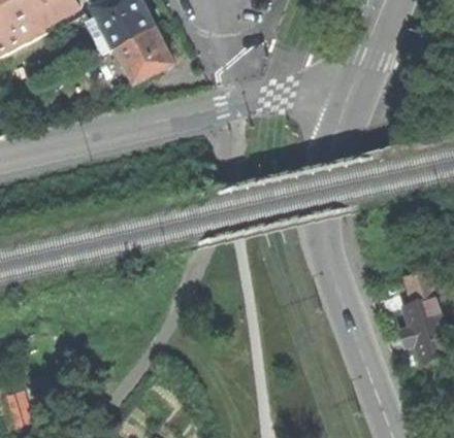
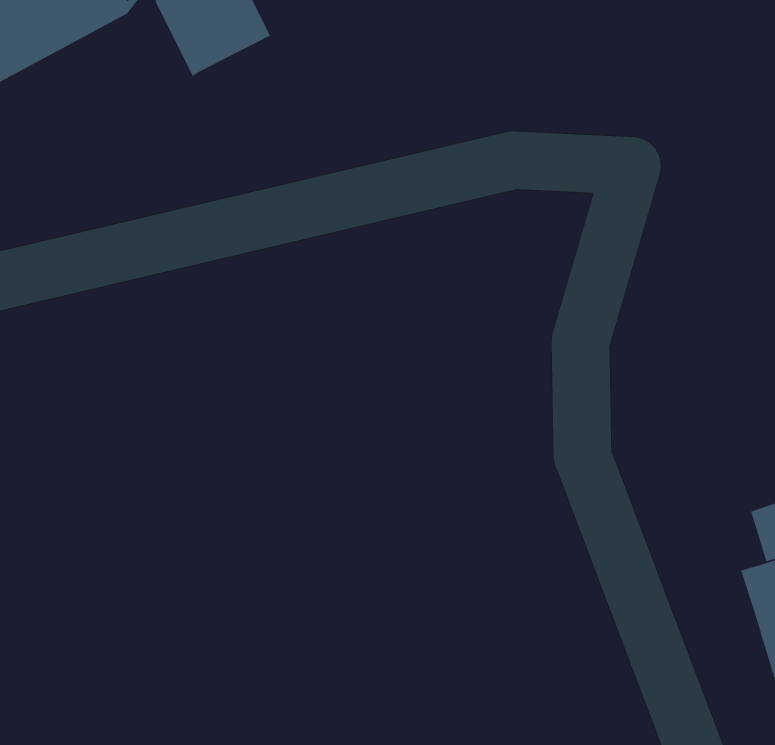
building: [116,27,171,82] -> none

